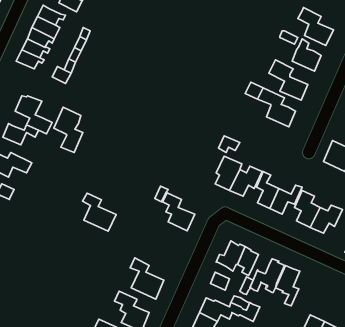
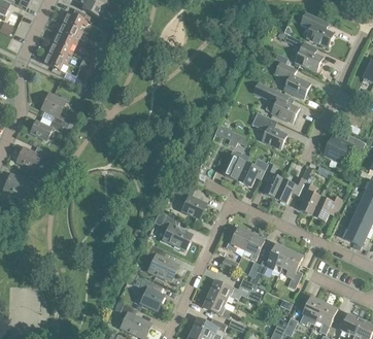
building: [54,107,83,153] -> none
building: none -> [251,111,286,148]
building: [83,193,116,231] -> [161,214,192,249]

